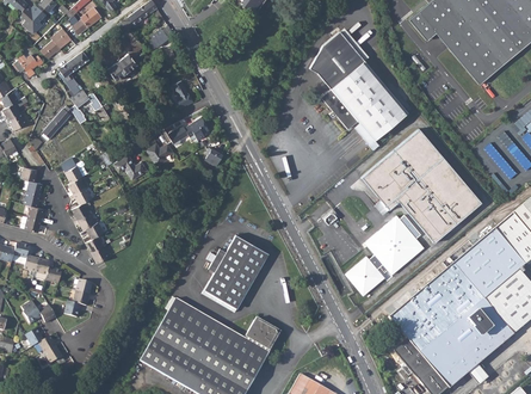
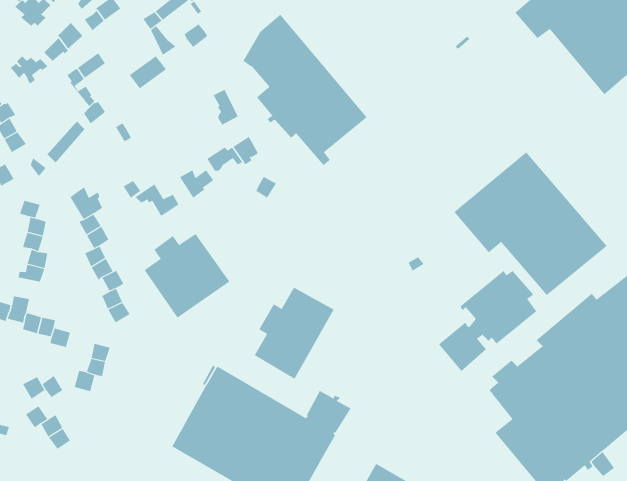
building: [310,31,408,150] -> [243,14,367,166]
building: none -> [144,233,230,318]

